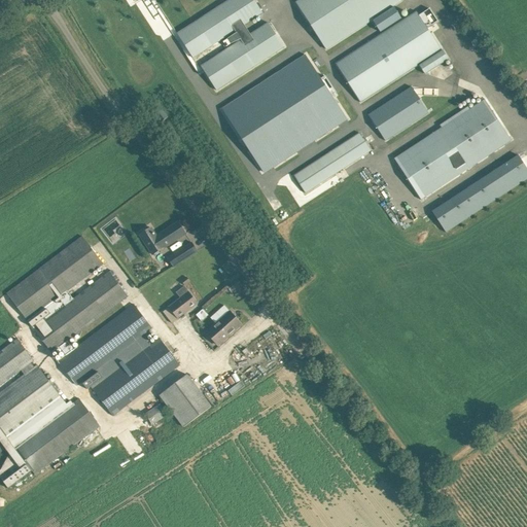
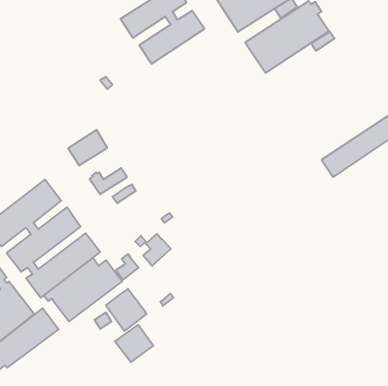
building: [221,54,345,171] -> none
building: [367,86,428,140] -> none
building: [394,100,510,199] -> none
building: [292,132,374,192] -> none
building: none -> [68,130,107,166]
building: [168,285,197,318] -> [116,254,139,280]
building: none -> [115,325,153,362]

